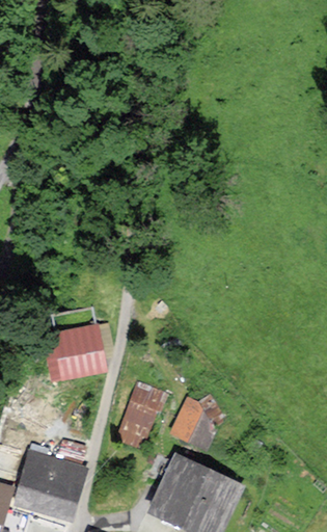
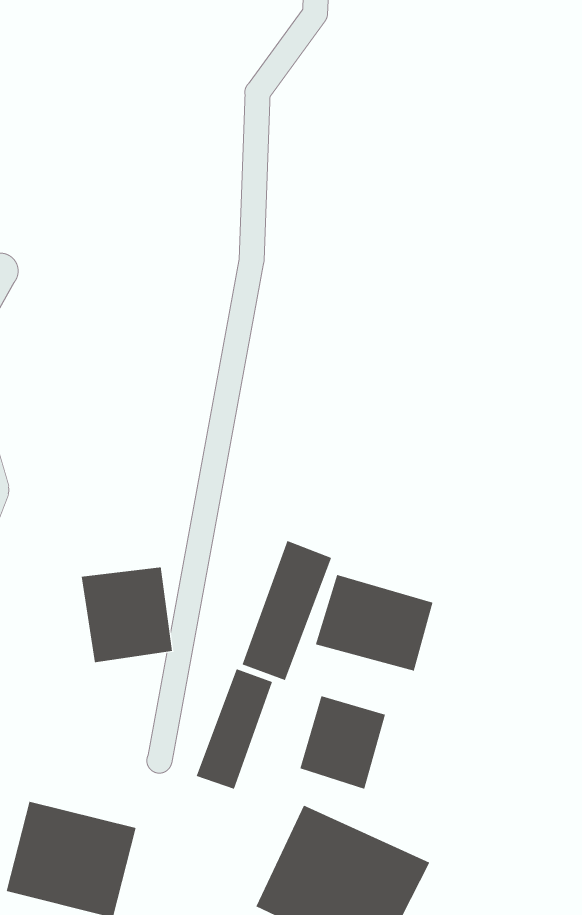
building: none -> [242,540,332,681]
building: none -> [315,574,433,672]

